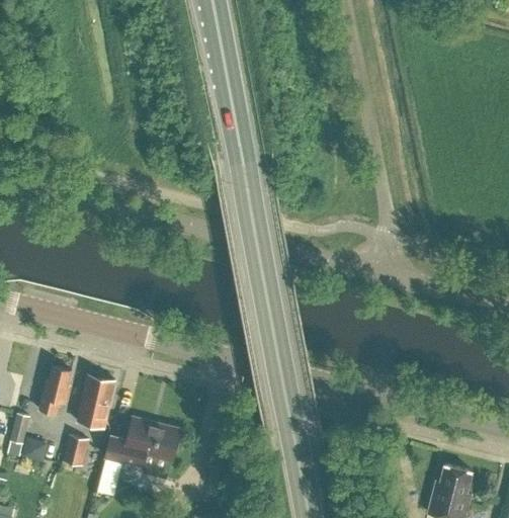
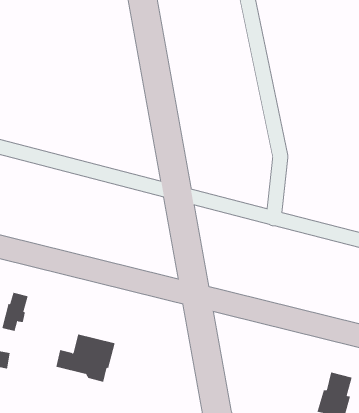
building: [76,375,114,430] -> none
building: [62,436,88,466] -> none

